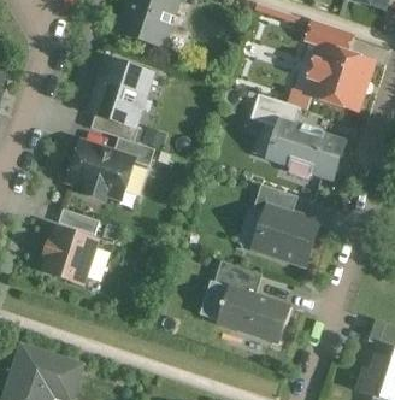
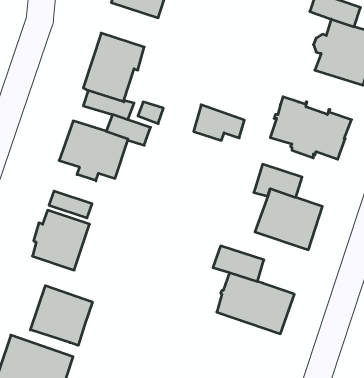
building: [250,93,299,127] -> [194,105,244,140]
building: none -> [30,286,92,345]

